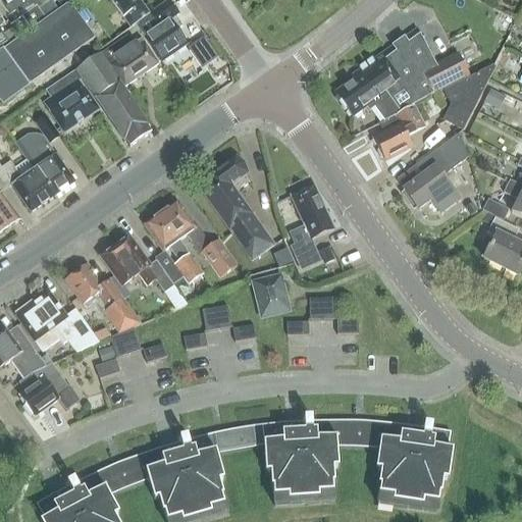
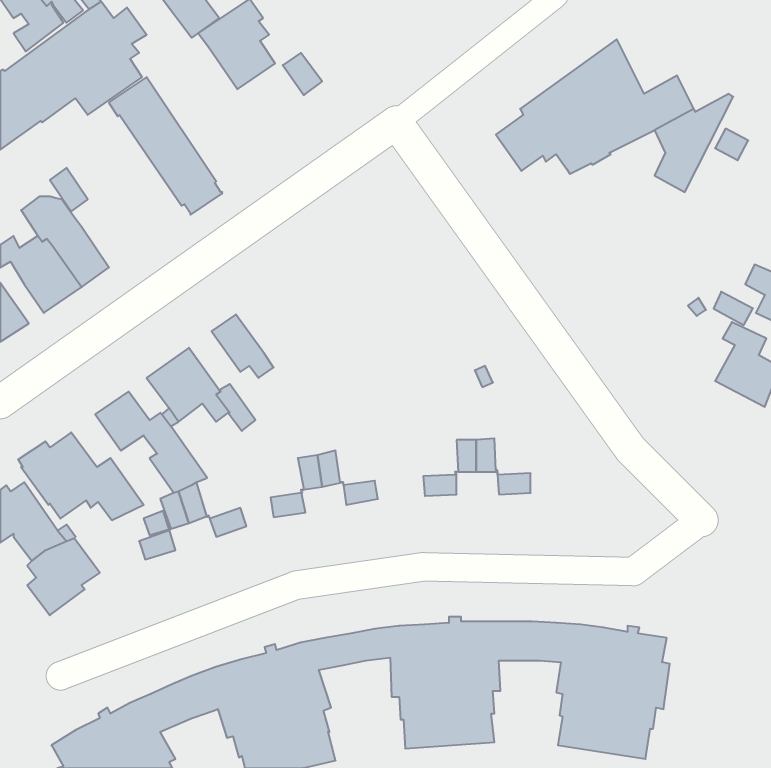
building: [101,34,158,86] -> none
building: [44,69,99,133] -> none
building: [373,104,425,160] -> none
building: [401,133,469,212] -> none
building: [201,157,274,260] -> none
building: [290,184,333,260] -> none
building: [160,200,237,276] -> none
building: [174,248,203,283] -> none
building: [254,275,289,315] -> none

